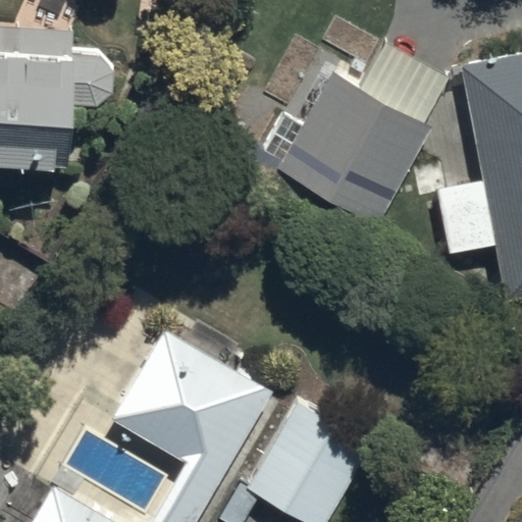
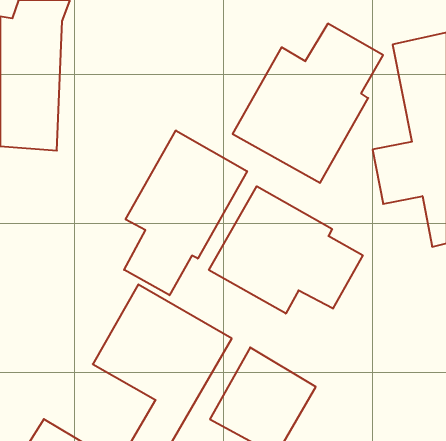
building: none -> [124,130,247,295]
building: none -> [209,186,363,314]

